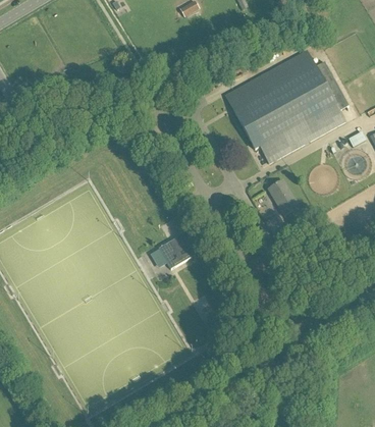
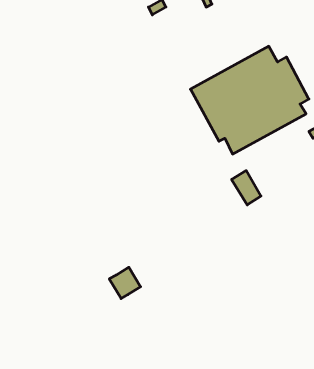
building: [158,235,191,268] -> [109,267,141,299]

